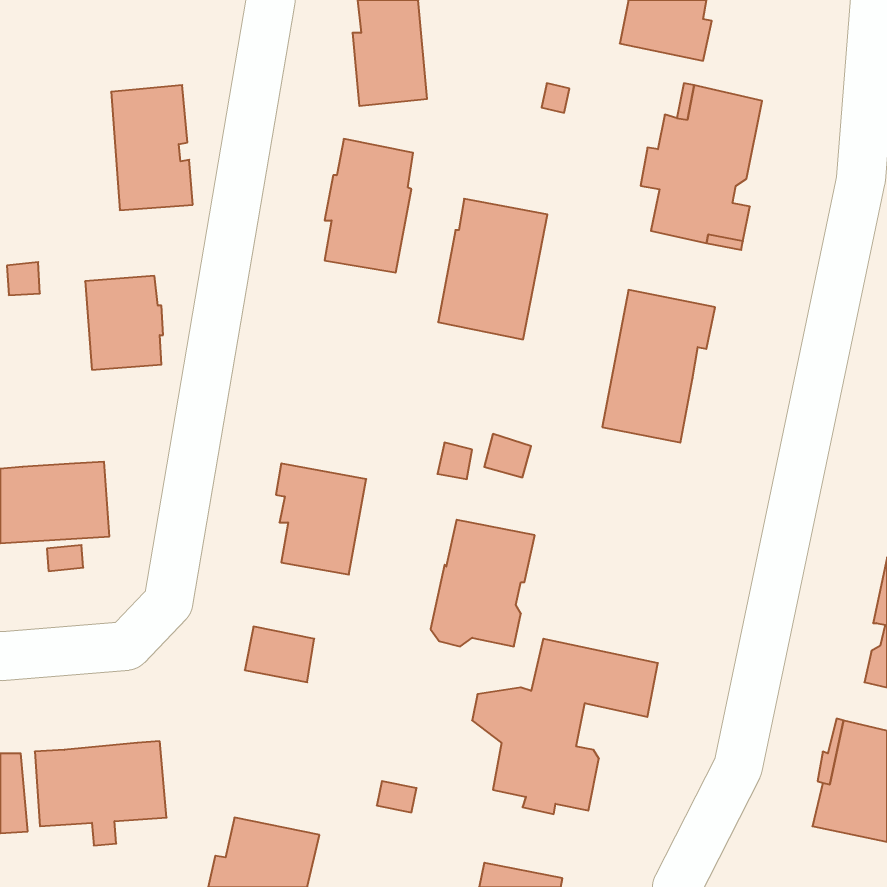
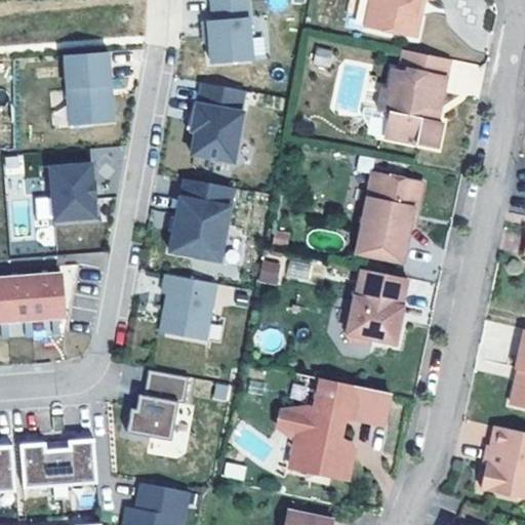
building: [438,199,547,339] -> [169,177,234,260]
building: [431,520,535,646] -> [346,269,407,344]
building: none -> [127,395,176,439]

